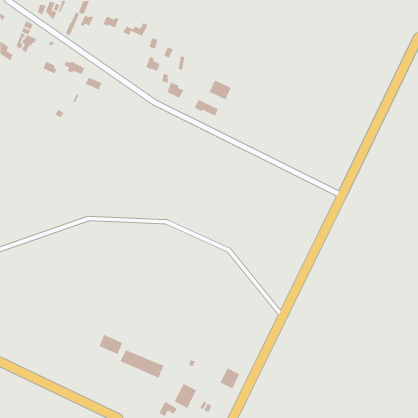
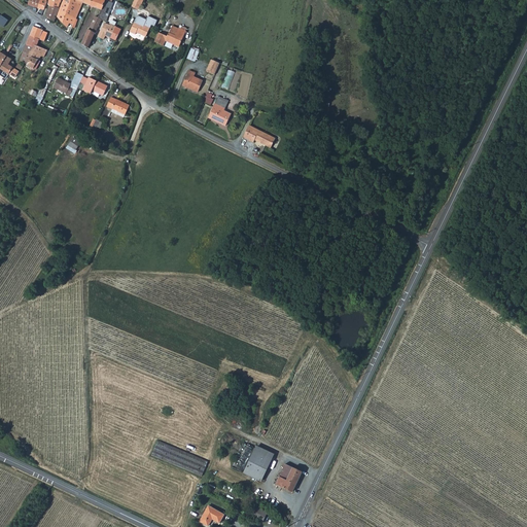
building: [209,79,232,101] -> none
building: [99,334,123,355] -> none
building: [174,383,197,409] -> [243,446,273,479]

